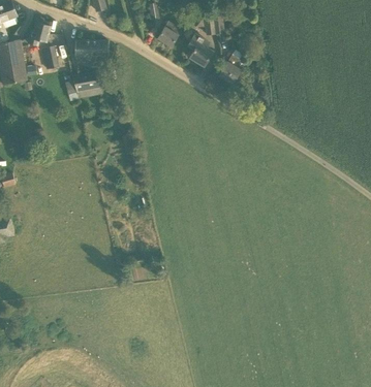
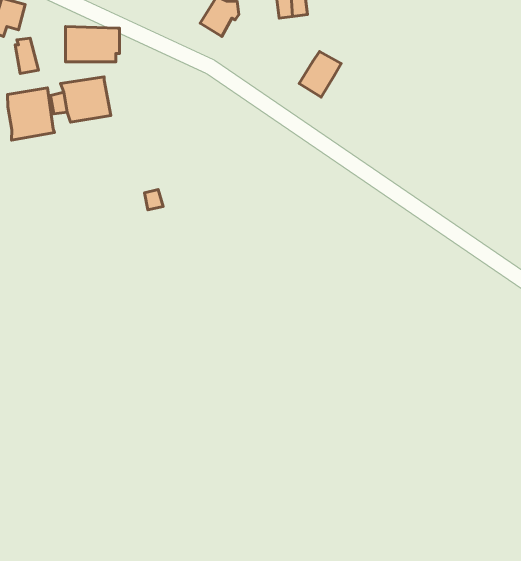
building: [187,34,212,65] -> none
building: none -> [7,88,54,140]

